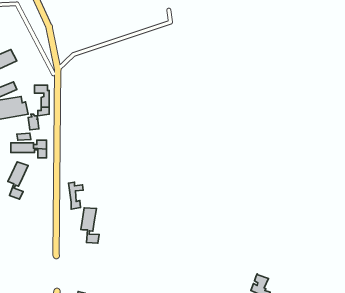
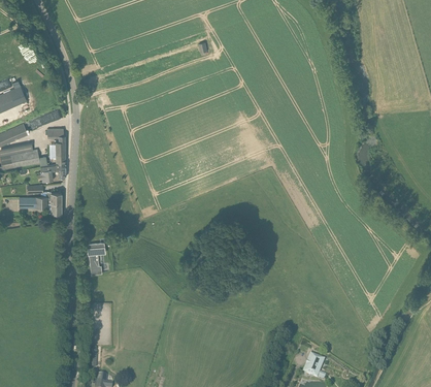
building: [8,162,28,199] -> none
building: [81,208,99,243] -> none

